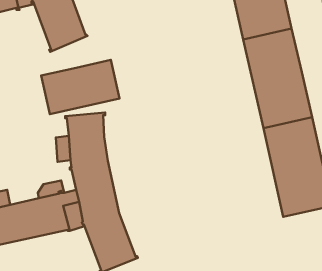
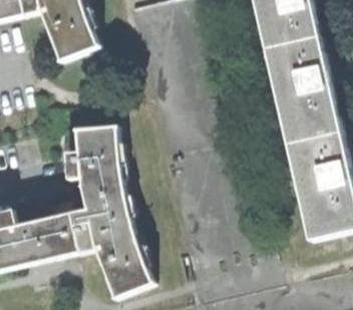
building: [41,60,120,114] -> none

